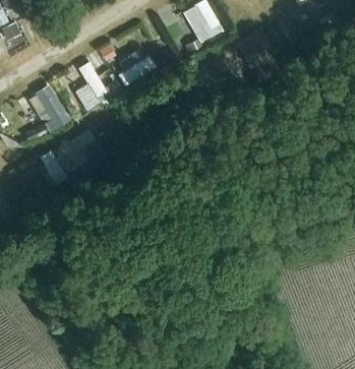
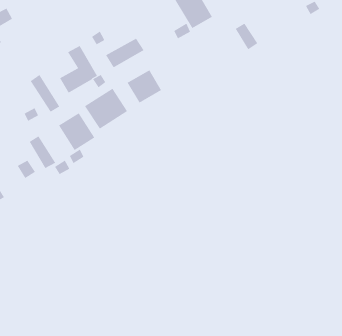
building: none -> [127,69,162,103]
building: none -> [84,88,128,130]

